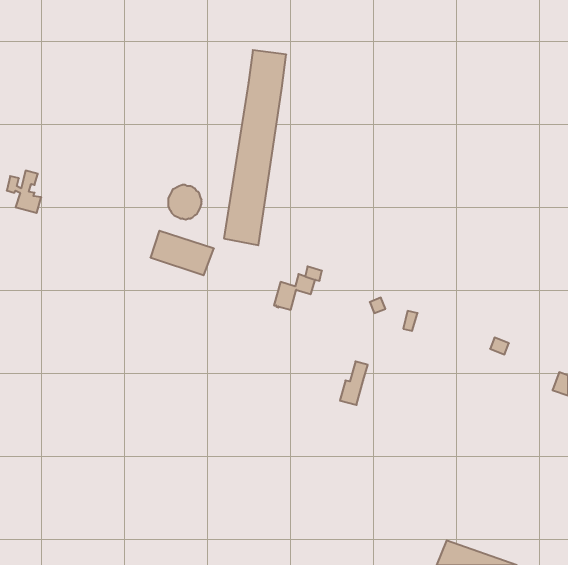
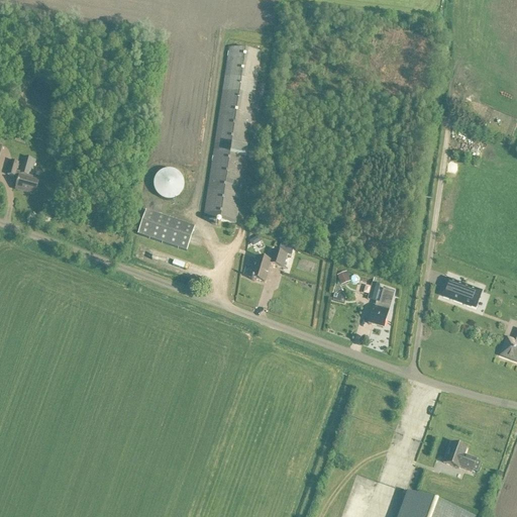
building: none -> [442,278,479,305]
building: [340,361,368,405] -> [368,287,393,326]
building: none -> [442,440,480,471]

